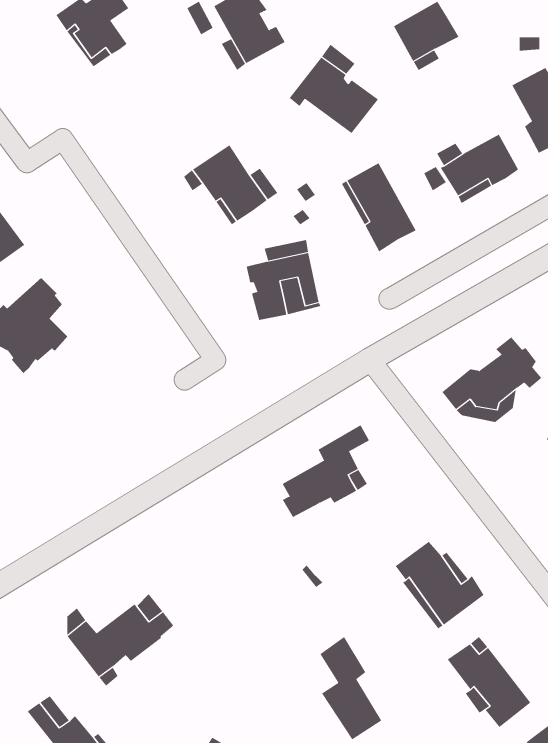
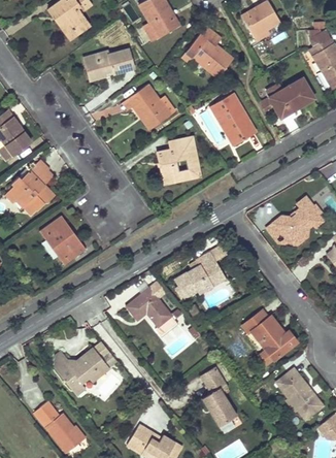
building: none -> [85,50,134,79]
building: none -> [39,216,86,264]
building: none -> [127,285,174,325]

